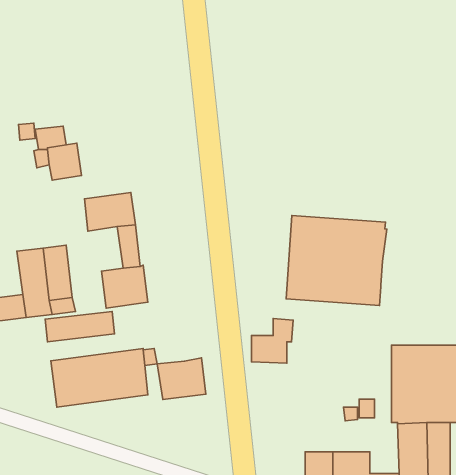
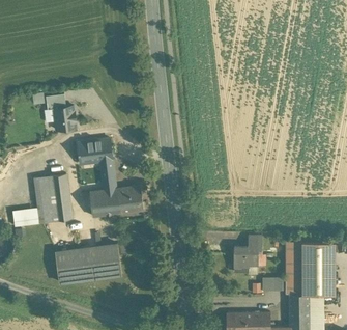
building: [286,215,387,306] -> none
building: none -> [118,186,144,213]
building: [45,311,114,342] -> none
building: [251,319,293,363] -> [234,236,262,266]
building: [157,358,206,400] -> none

